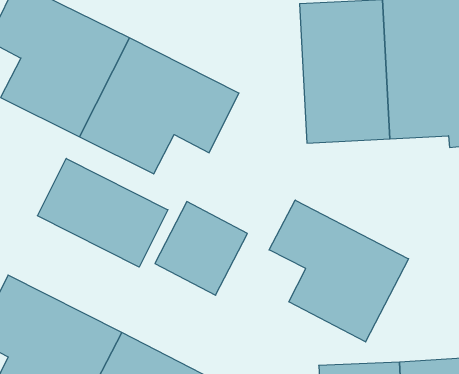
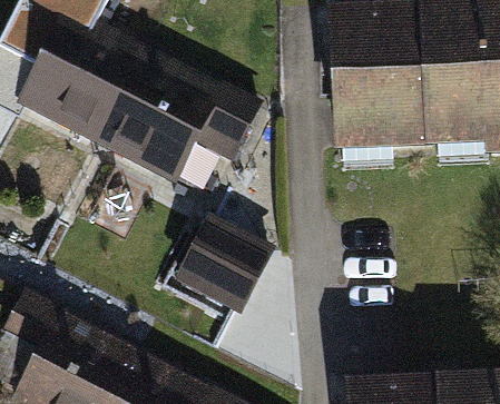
building: [37,158,168,267] -> none
building: [269,200,409,342] -> none

